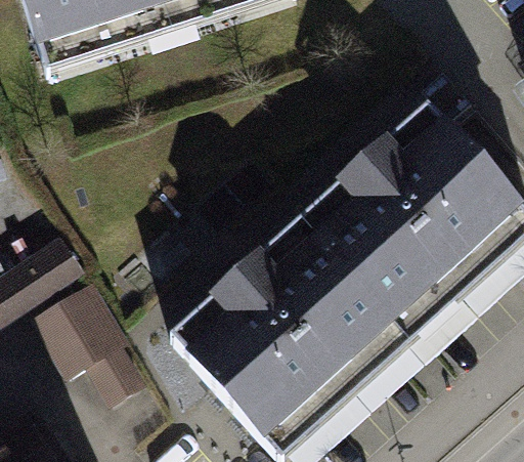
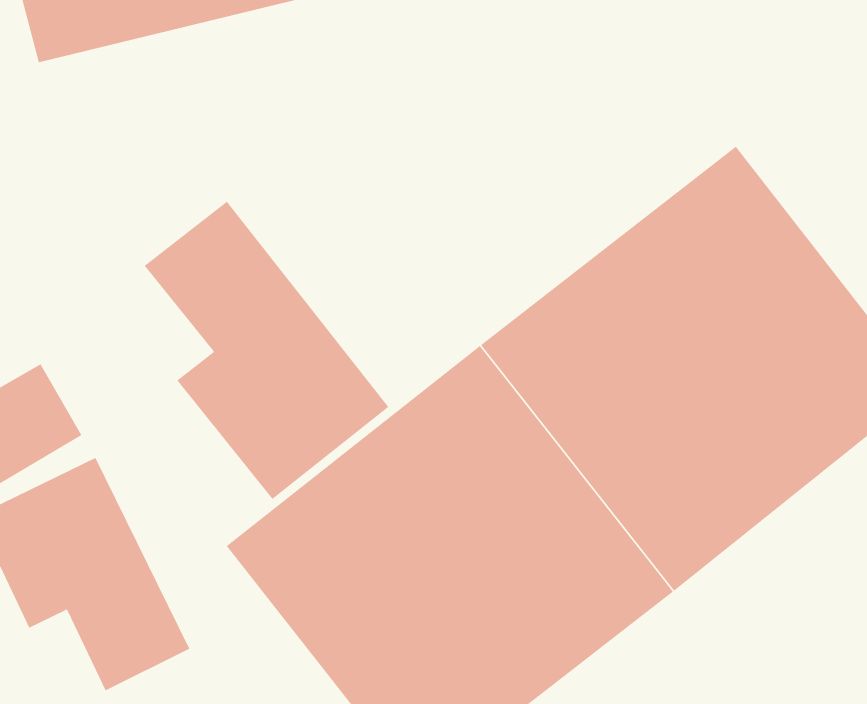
building: none -> [144,201,389,500]

